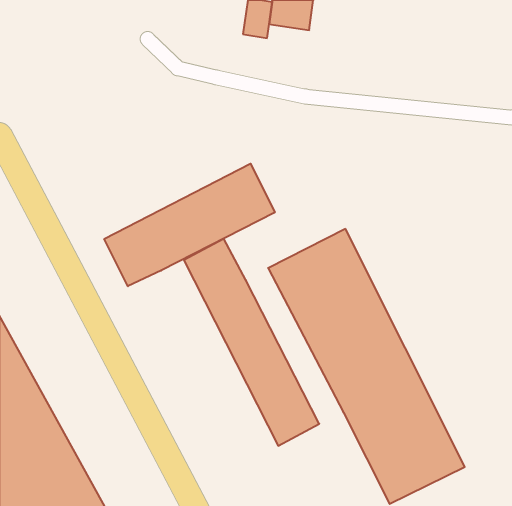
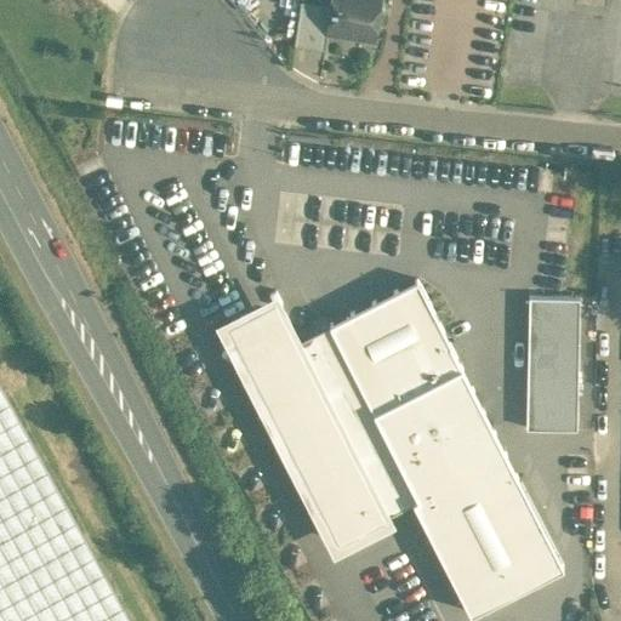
building: [104,164,275,286] -> none
building: none -> [525,303,577,434]
building: none -> [297,332,415,520]

